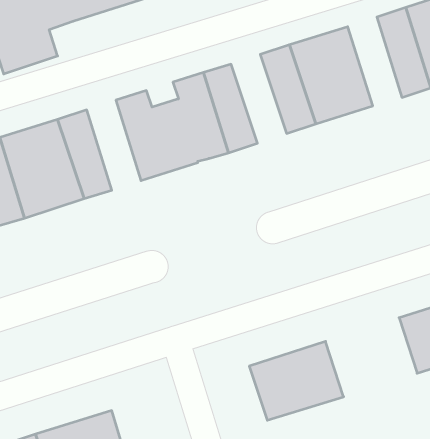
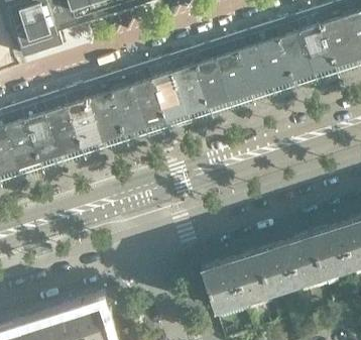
building: none -> [273,20,313,85]
building: none -> [189,47,229,112]
building: none -> [84,81,123,146]
building: none -> [257,239,324,297]

